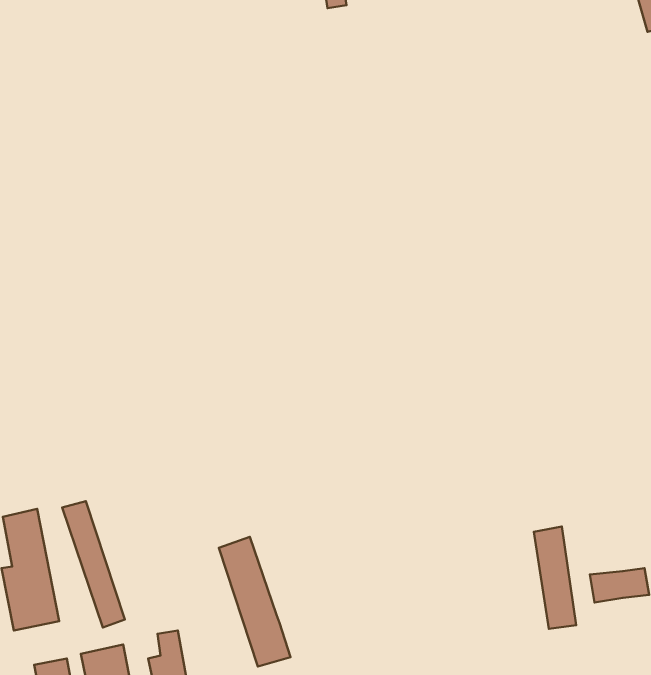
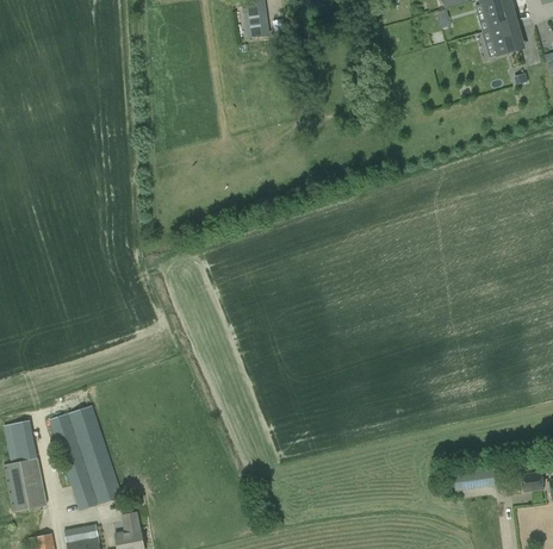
building: [534,527,576,629] -> none
building: [219,537,291,666] -> [68,405,123,504]

